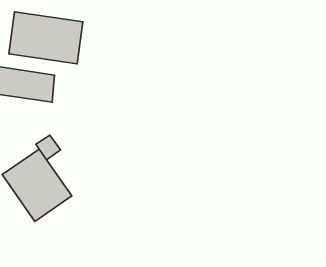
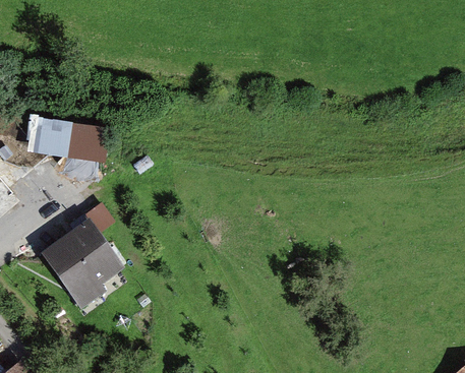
building: [9,12,83,64] -> none

